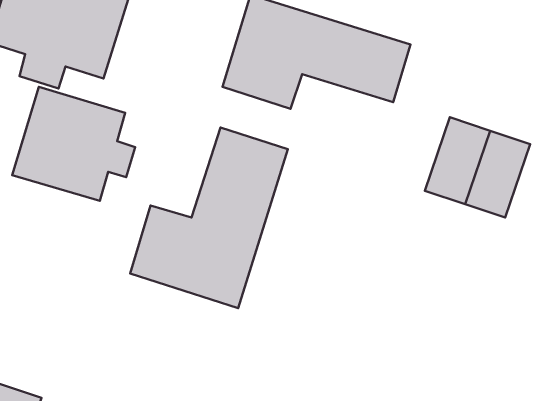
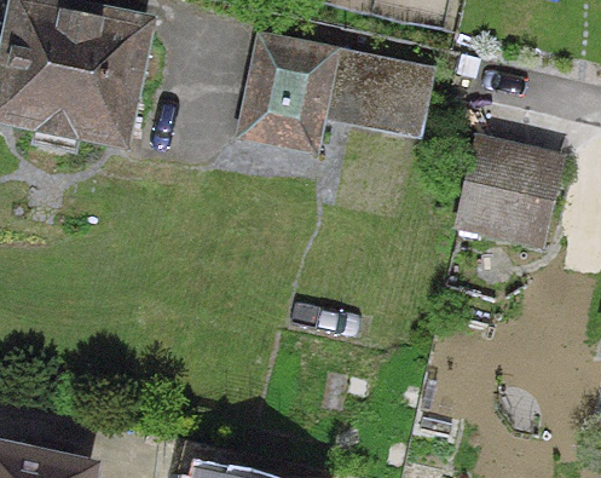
building: [12,87,135,201] -> none
building: [130,127,288,308] -> none

